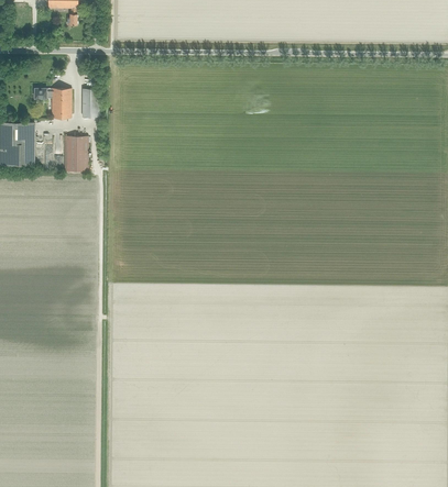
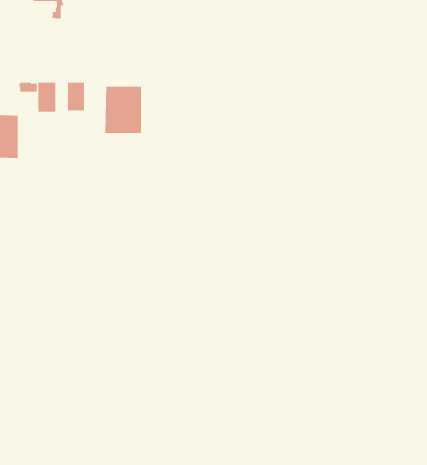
building: none -> [105,86,141,134]
building: [64,135,88,170] -> none

